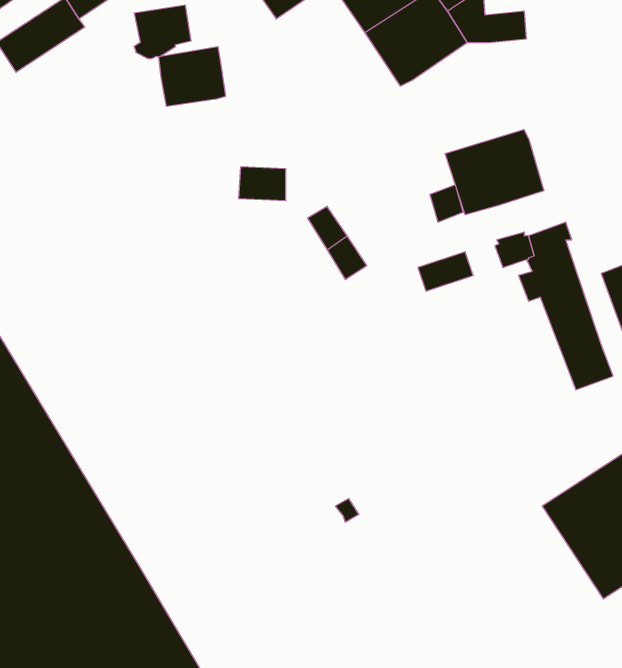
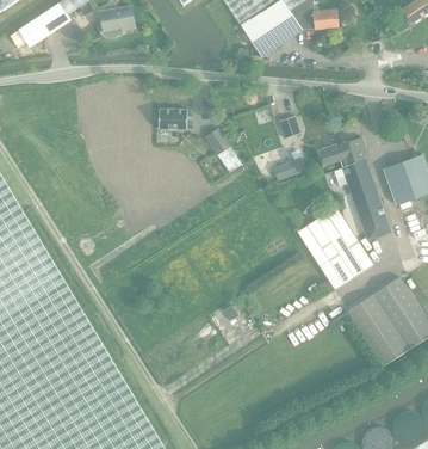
building: [159,47,226,106] -> none
building: [445,129,544,215] -> none
building: none -> [297,207,373,290]

